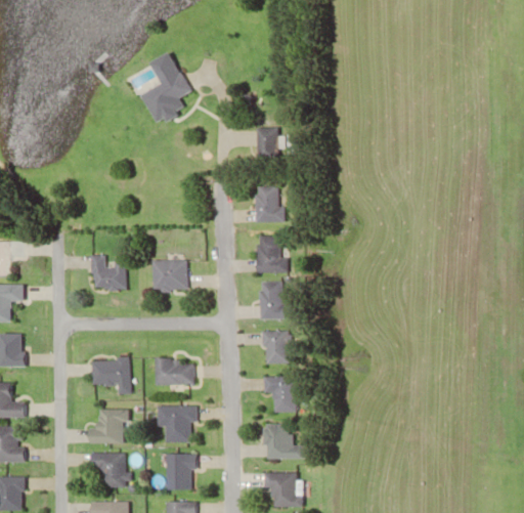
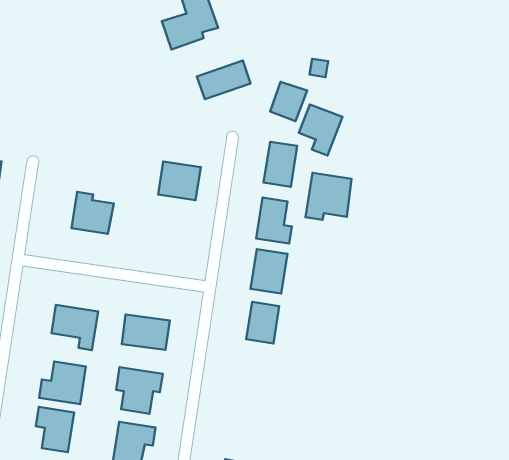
building: none -> [197,61,251,99]
building: none -> [299,104,342,155]
building: none -> [305,173,352,220]
building: [156,260,189,290] -> [158,161,201,200]
building: [262,376,293,413] -> none
building: [262,424,302,459] -> none

